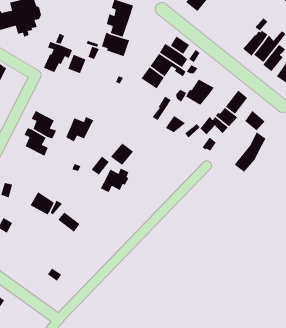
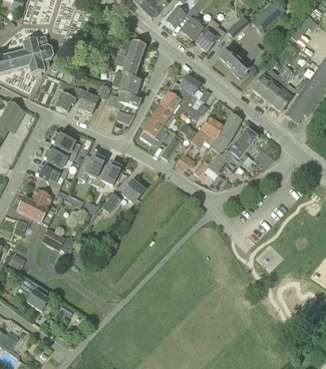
building: none -> [219,43,261,78]
building: none -> [108,88,140,108]
building: none -> [139,116,167,142]
building: none -> [50,131,76,160]
building: [234,131,267,173] -> [209,112,241,153]
building: none -> [16,188,54,225]
building: [100,168,129,193] -> [92,161,121,187]
building: none -> [22,279,48,310]

